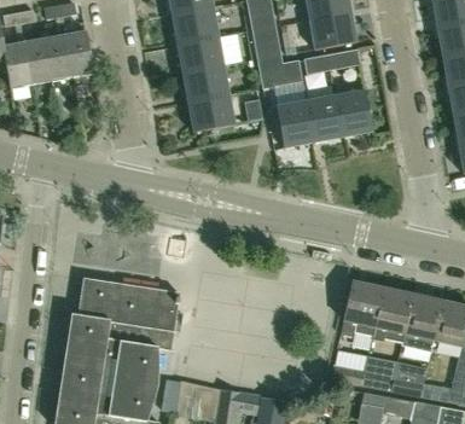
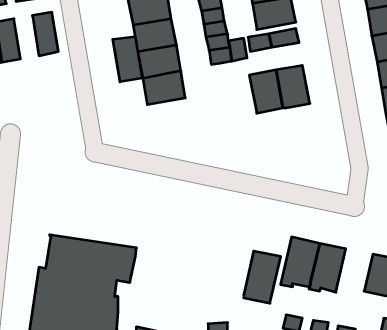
building: [43,33,71,81] -> none
building: none -> [113,37,142,82]
building: [277,99,314,147] -> none
building: [402,292,443,350] -> [244,251,281,303]

